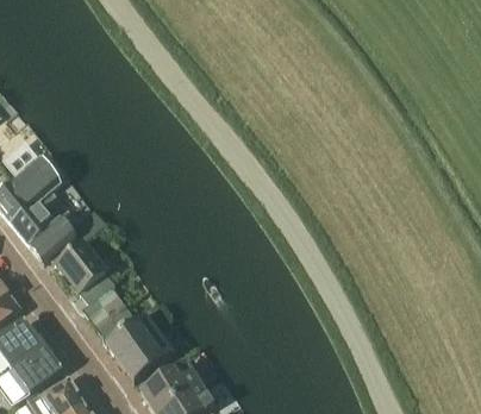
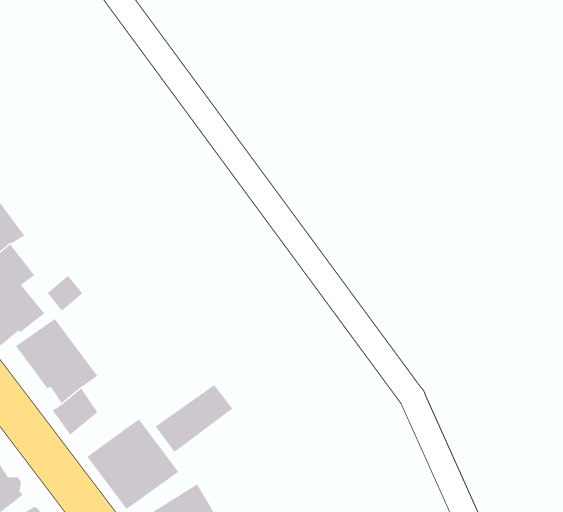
building: none -> [155,384,233,453]

